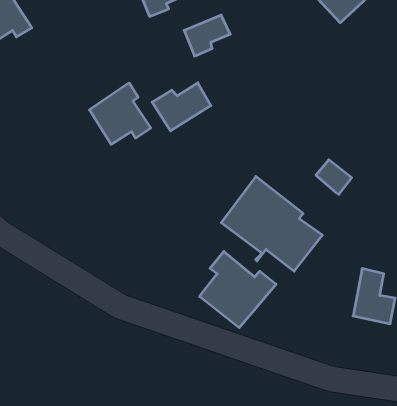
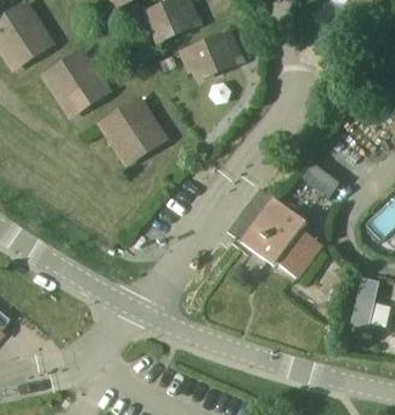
building: none -> [45,52,103,109]
building: [152,83,211,131] -> none
building: [200,251,276,328] -> none

